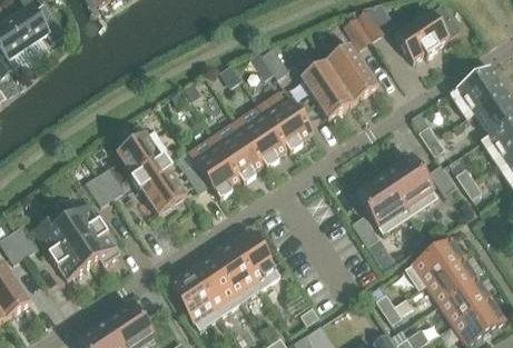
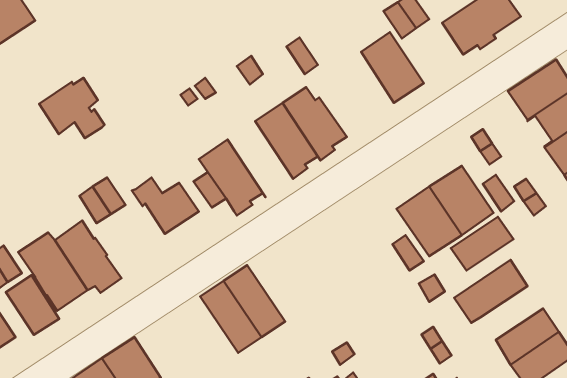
building: [299,60,353,120] -> none
building: [211,119,267,183] -> none
building: [117,129,172,180] -> [39,78,105,138]
building: [228,228,280,289] -> none
building: none -> [6,275,59,335]
building: [426,259,480,305] -> [451,217,514,271]
building: [167,268,220,330] -> none

